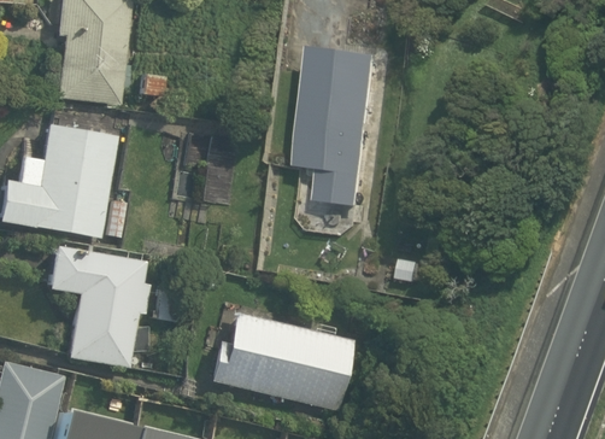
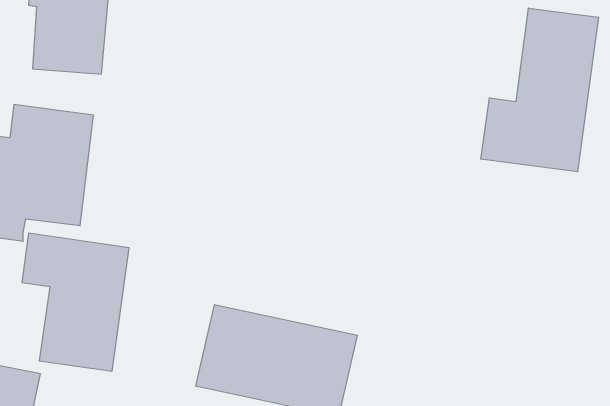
building: none -> [481,8,598,172]
building: [305,45,388,213] -> none

